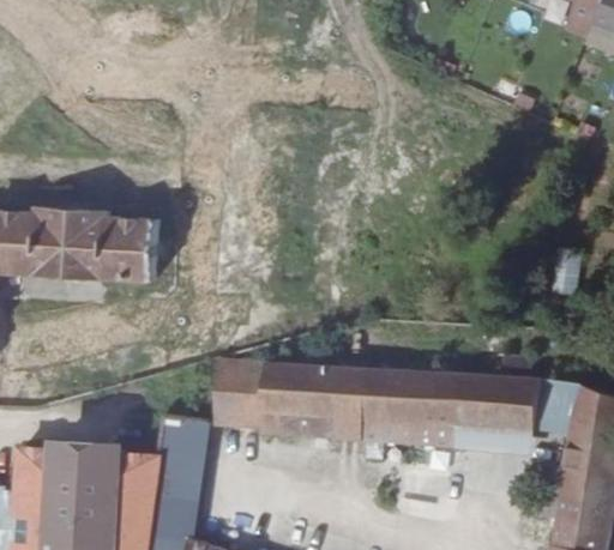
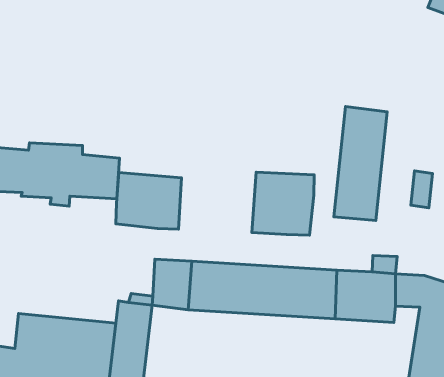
building: none -> [334,107,387,221]
building: none -> [252,172,314,235]
building: none -> [116,172,182,229]

